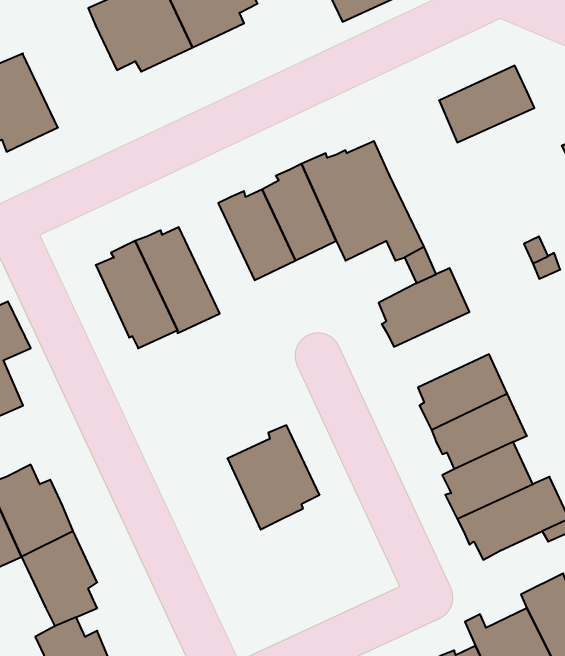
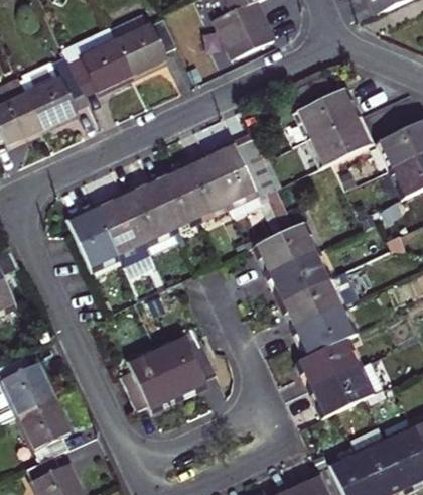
building: none -> [19,61,86,129]
building: none -> [308,116,373,166]
building: none -> [123,179,177,254]
building: none -> [266,252,329,302]
building: none -> [120,350,177,411]

